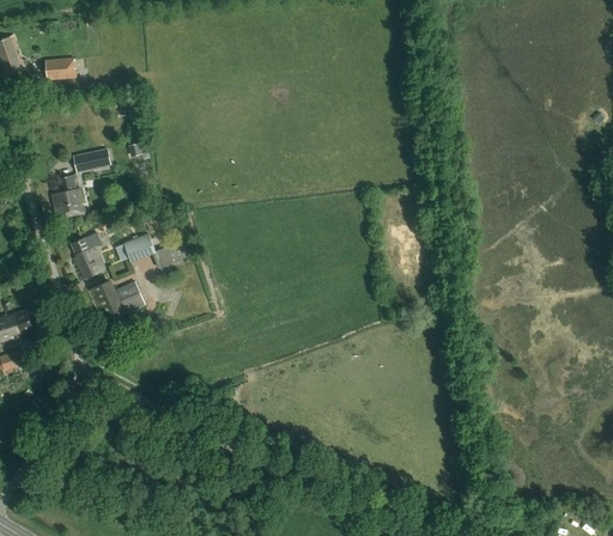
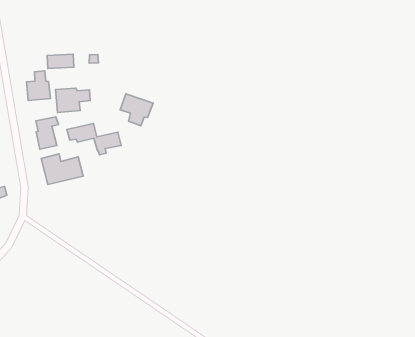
building: none -> [120,94,153,126]
building: none -> [55,88,90,112]

